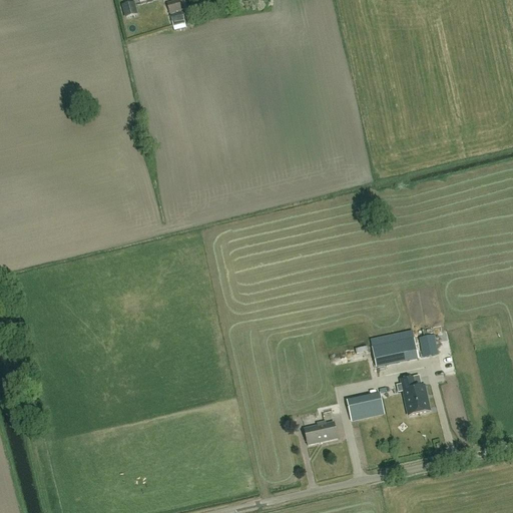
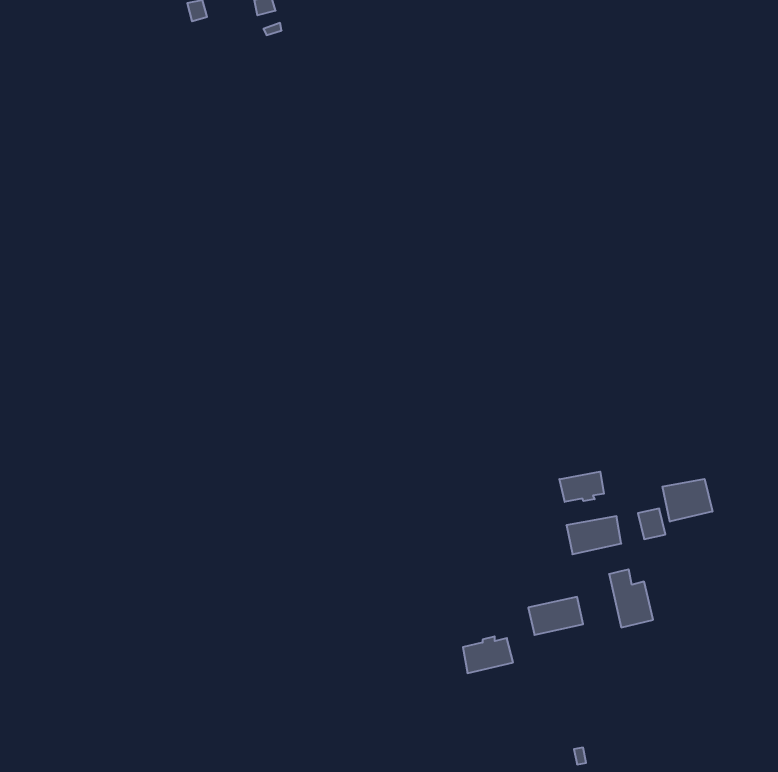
building: none -> [559,472,604,502]
building: none -> [662,479,712,522]

